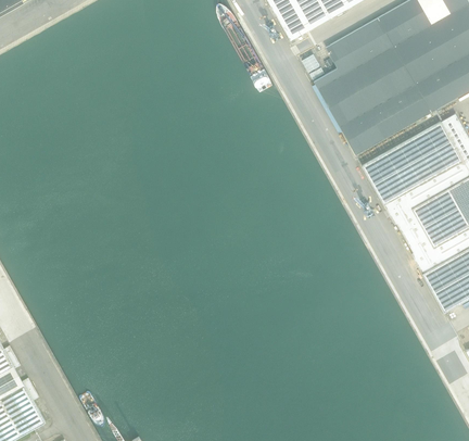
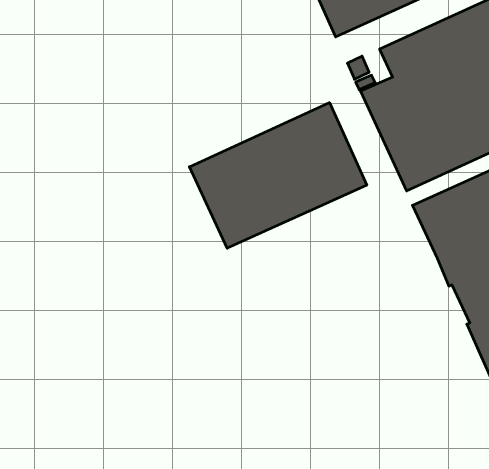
building: none -> [189,103,367,248]

